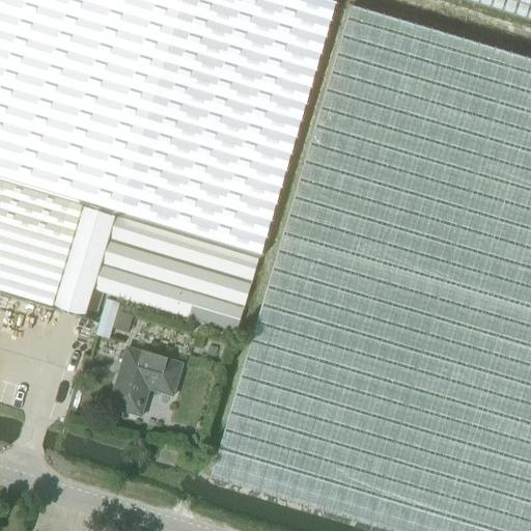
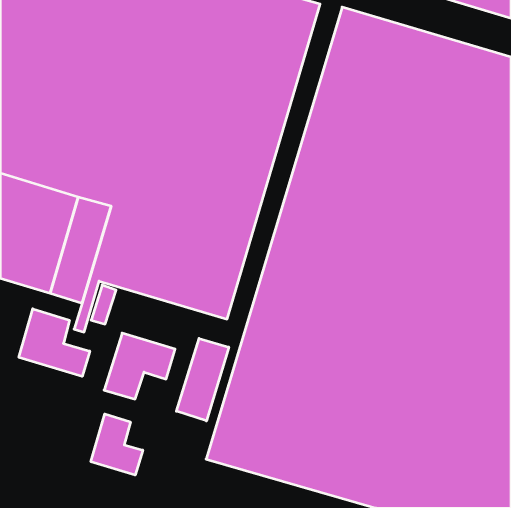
building: none -> [19,309,90,376]
building: none -> [176,338,229,421]
building: none -> [91,414,143,475]

